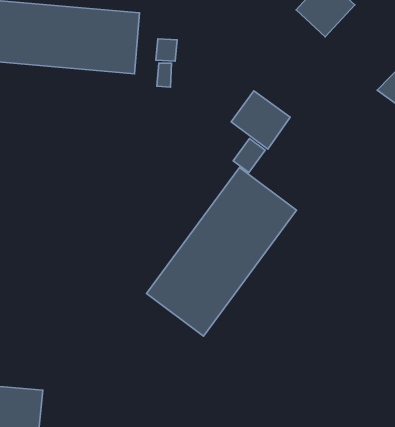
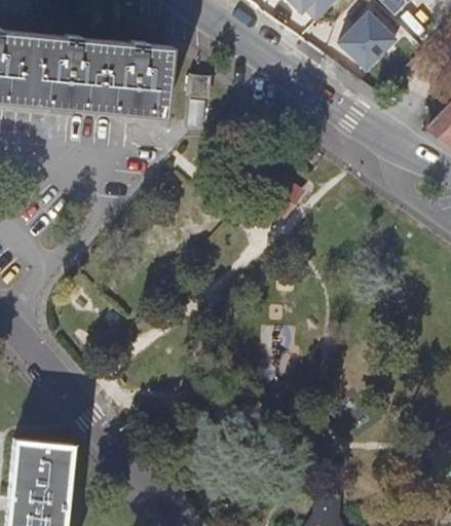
building: [231,91,290,149] -> none
building: [146,167,296,336] -> none

